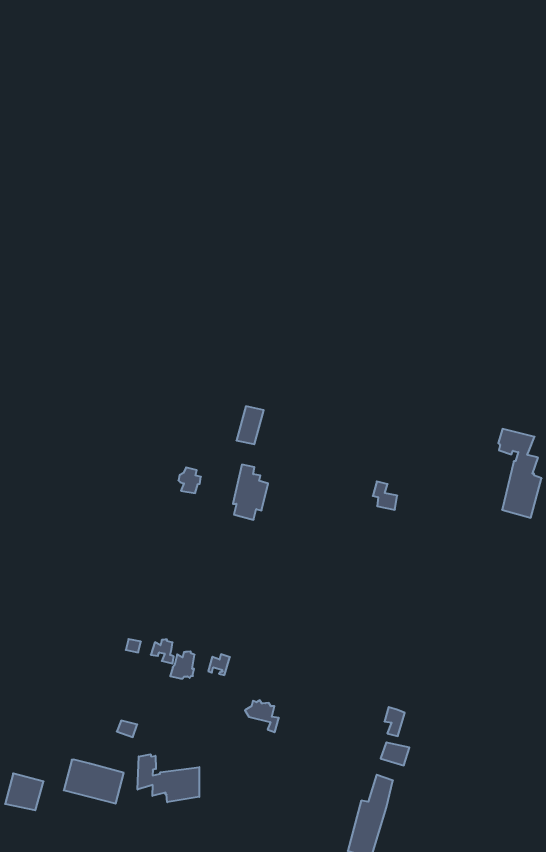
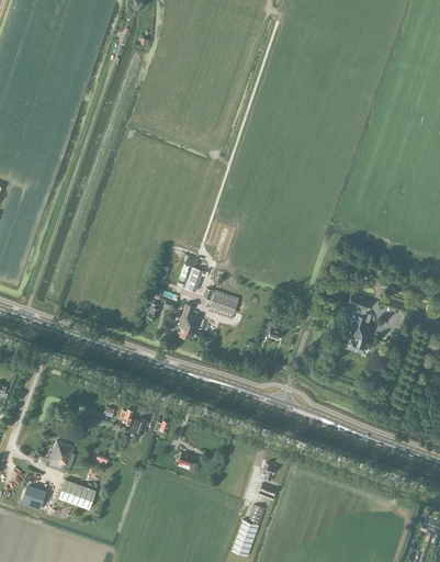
building: none -> [203,288,239,318]
building: none -> [47,440,75,472]
building: [138,754,199,802] -> none

